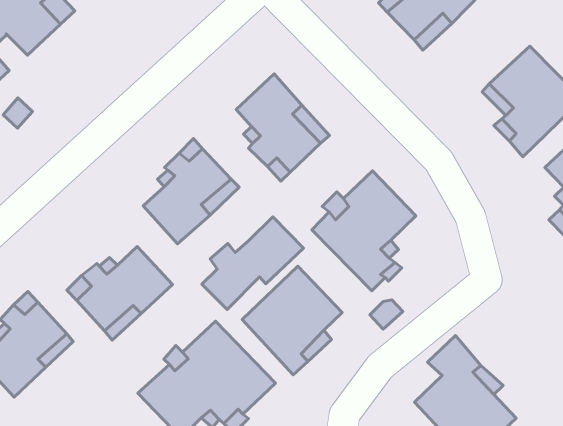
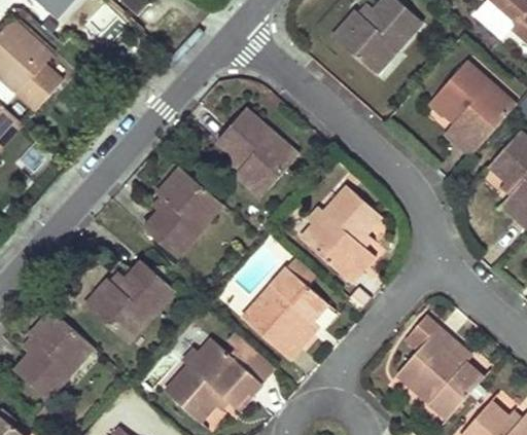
building: [202,217,303,309] -> none

